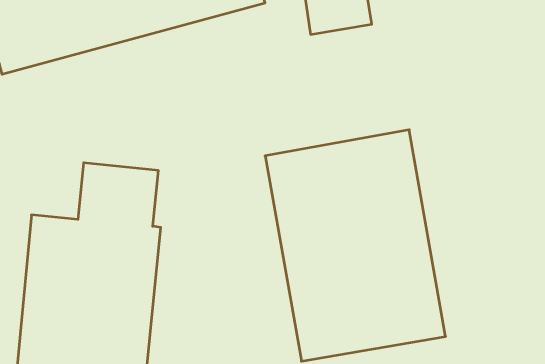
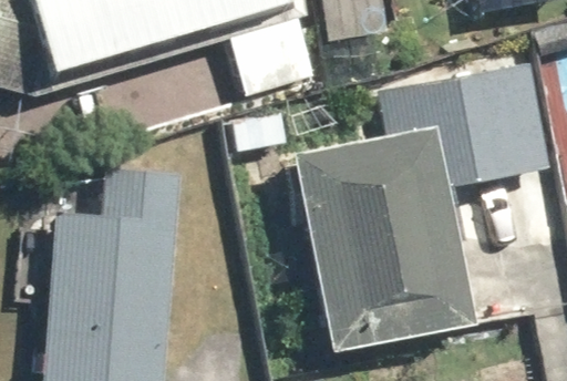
building: none -> [443,64,553,173]

